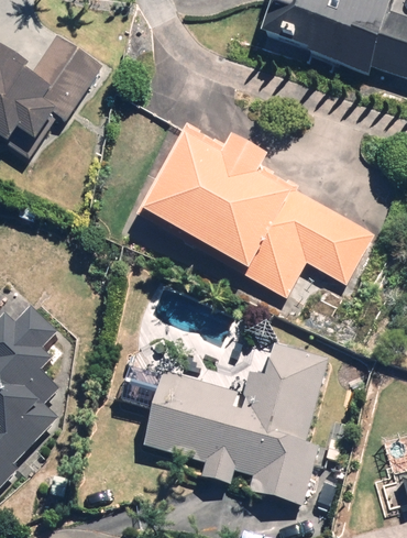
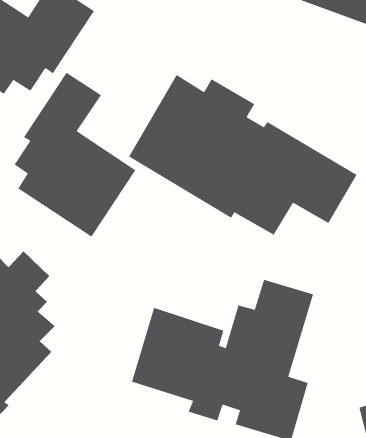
building: none -> [14,72,136,238]

